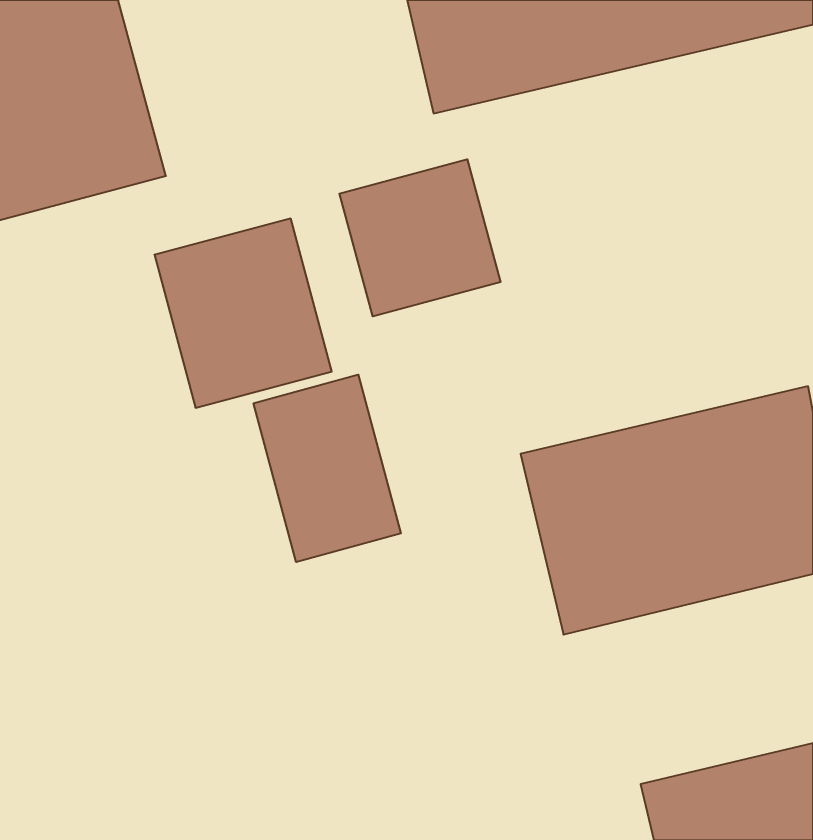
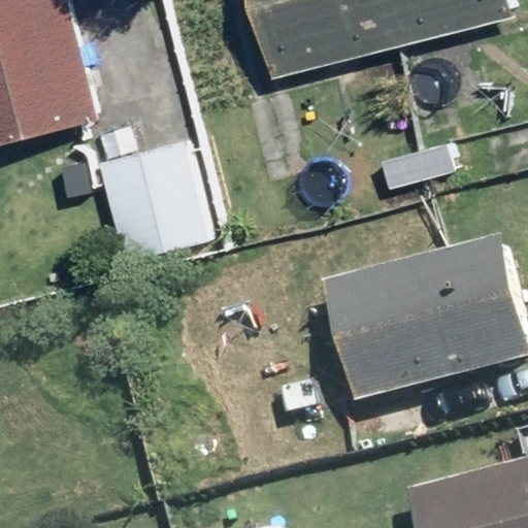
building: [339,159,501,316] -> none
building: [254,375,401,562] -> none

